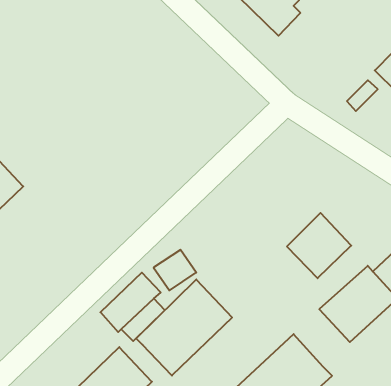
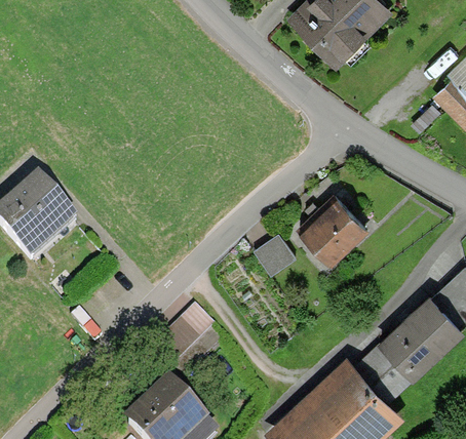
building: [287,213,351,278] -> [300,194,366,262]
building: [154,250,196,290] -> [253,233,297,275]
building: [136,279,232,376] -> none
building: none -> [352,343,411,402]

